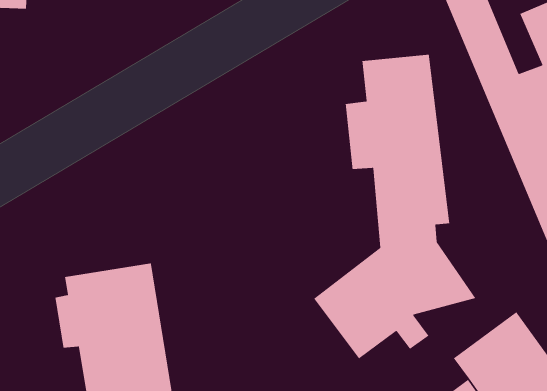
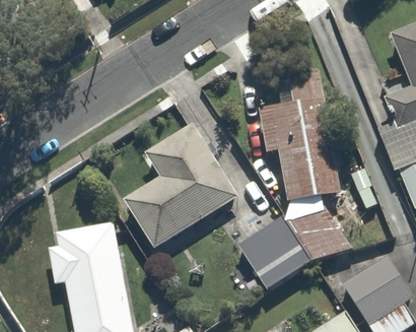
building: none -> [119,124,239,253]

